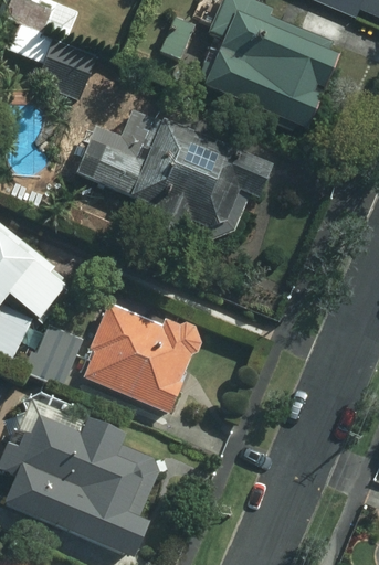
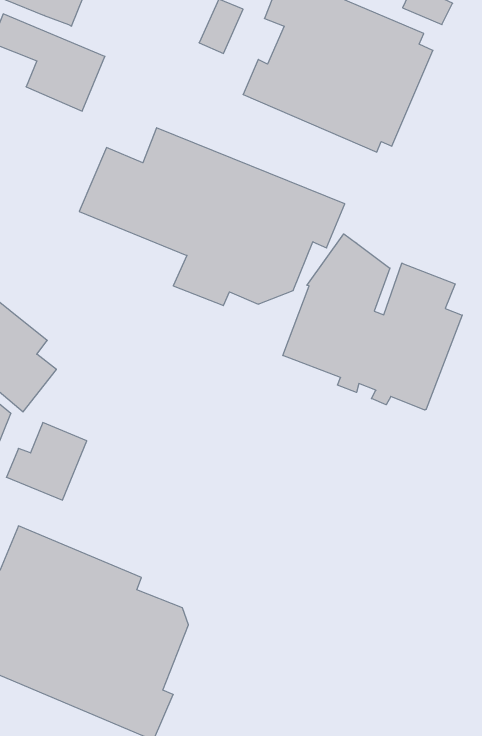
building: none -> [283,234,462,410]
building: [85,305,201,409] -> none

